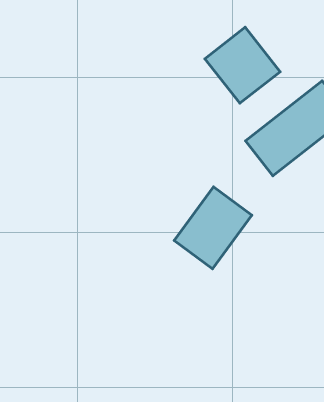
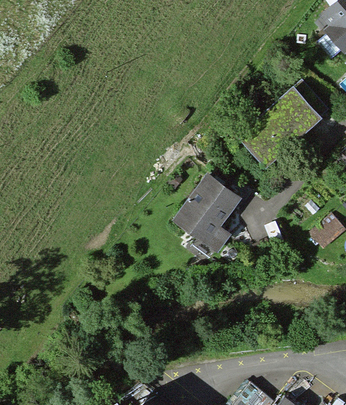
building: [205,27,280,103] -> none

